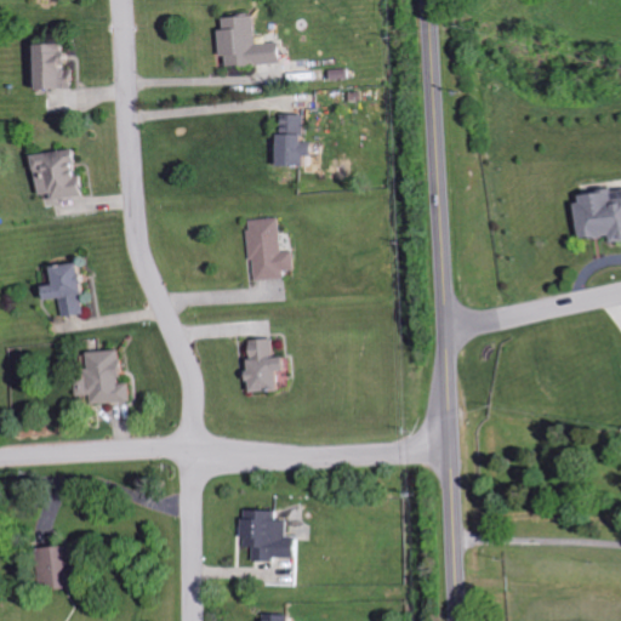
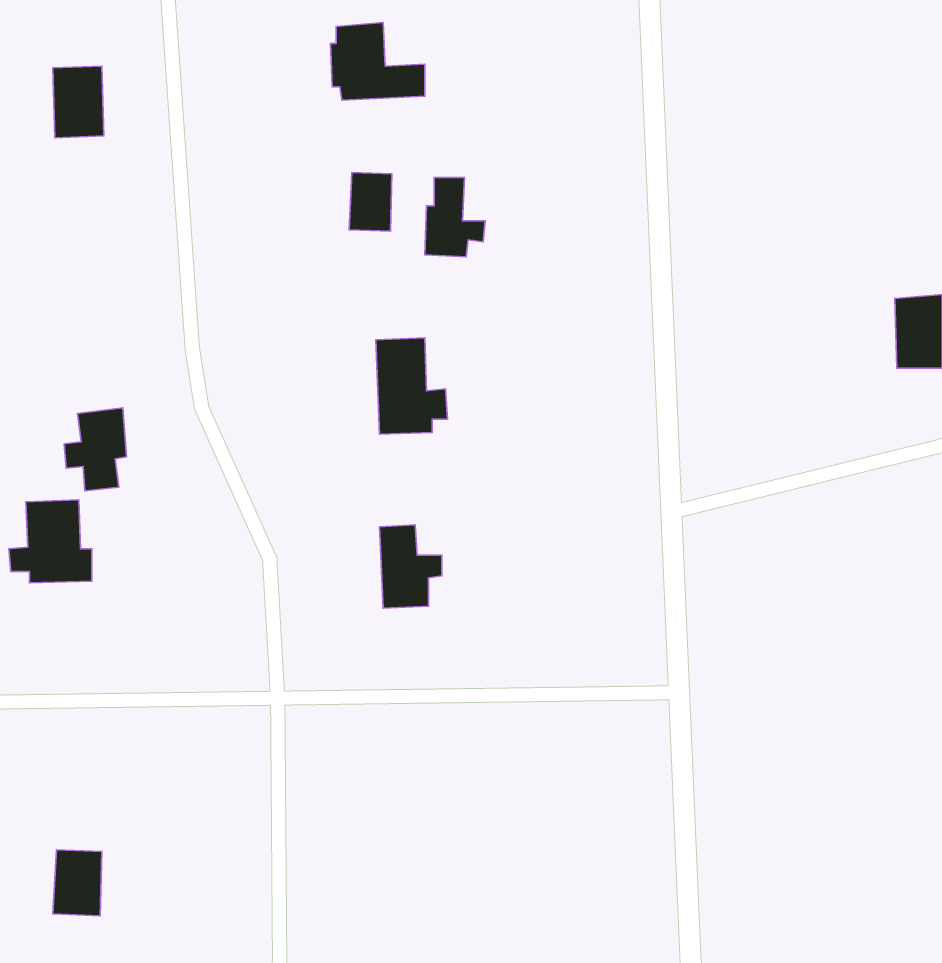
building: none -> [349,173,392,231]
building: [29,148,79,198] -> none
building: [70,349,124,403] -> [9,500,92,583]
building: [235,509,296,559] -> none

